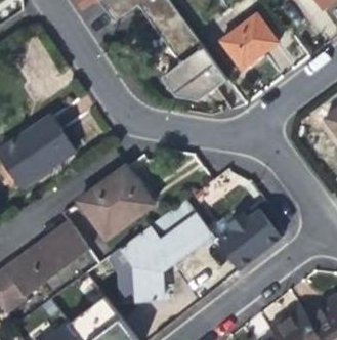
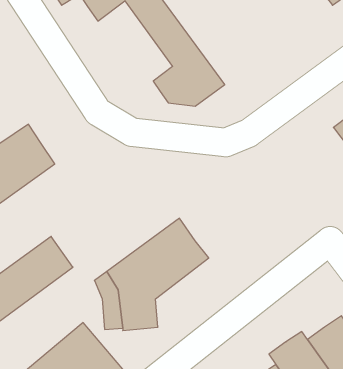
building: [219,12,279,70] -> none
building: [80,167,155,240] -> none
building: [215,205,281,269] -> none

